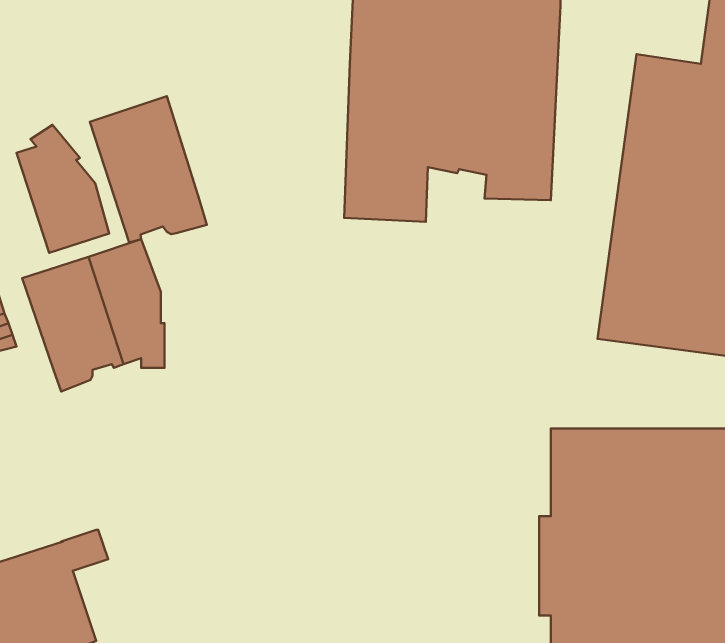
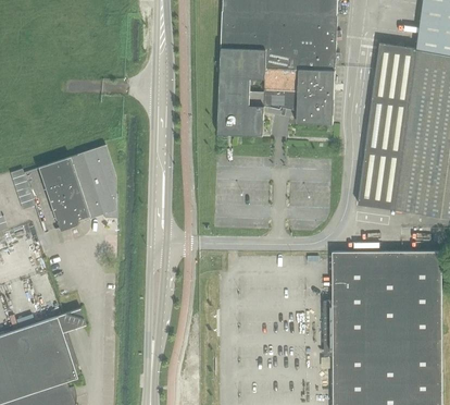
building: [90,96,207,242] -> none
building: [17,125,109,253] -> none

